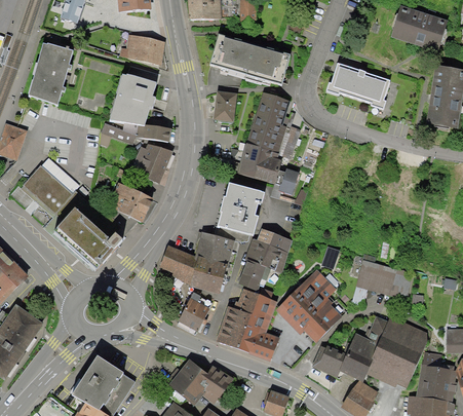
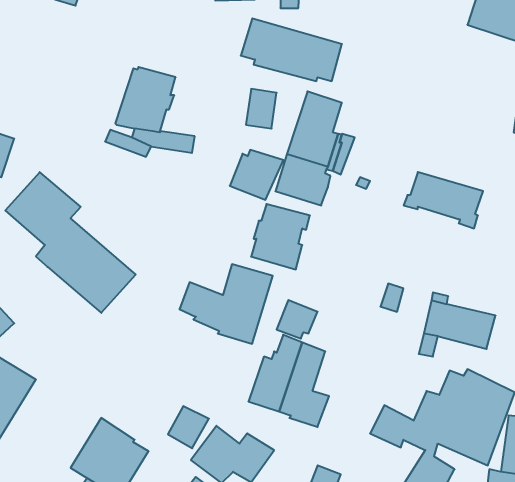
building: [119,33,165,64] -> none
building: [28,41,72,103] -> none
building: [326,66,390,111] -> [404,172,483,228]
building: [130,143,173,183] -> [230,150,283,200]
building: [273,167,299,194] -> none
building: [111,182,152,222] -> none
building: [243,227,293,272] -> none
building: [275,269,345,342] -> none
building: [177,297,209,331] -> [168,406,209,448]

